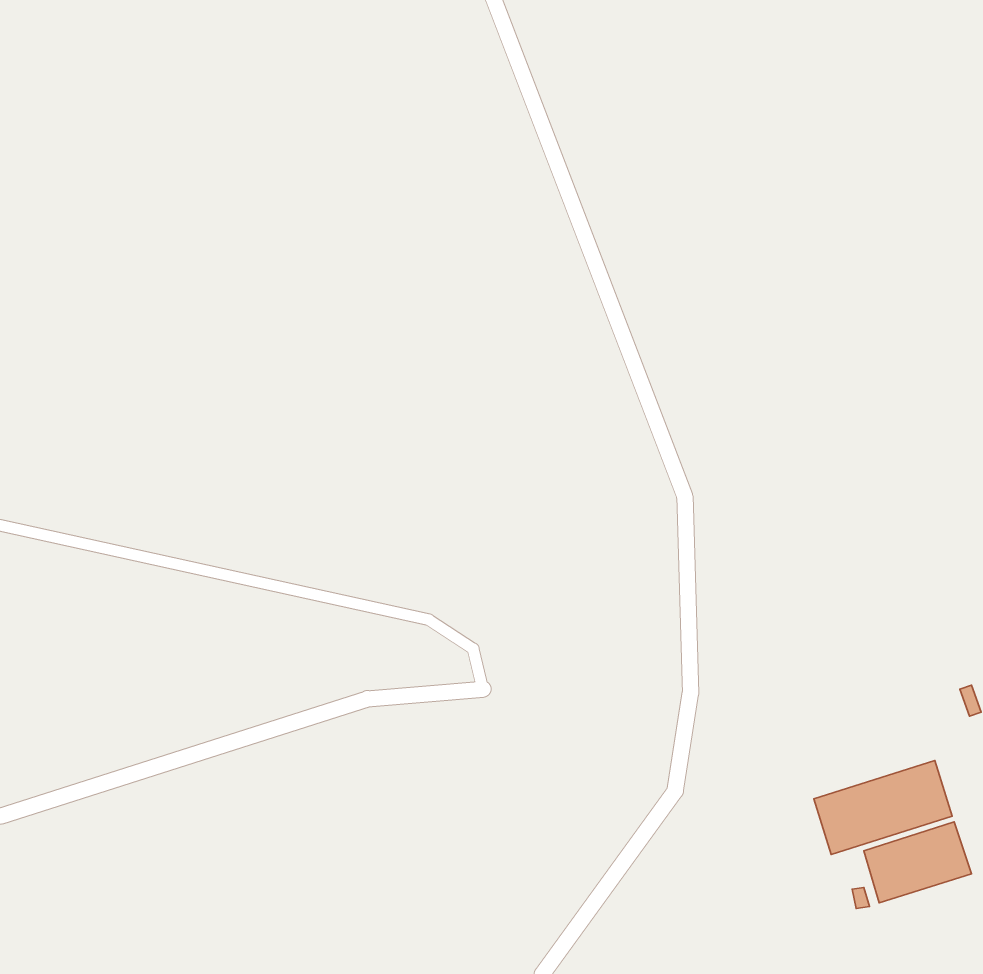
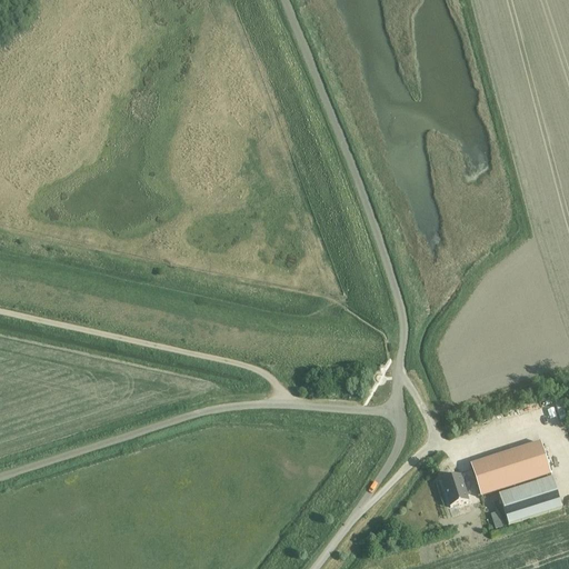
building: none -> [441,472,468,503]

